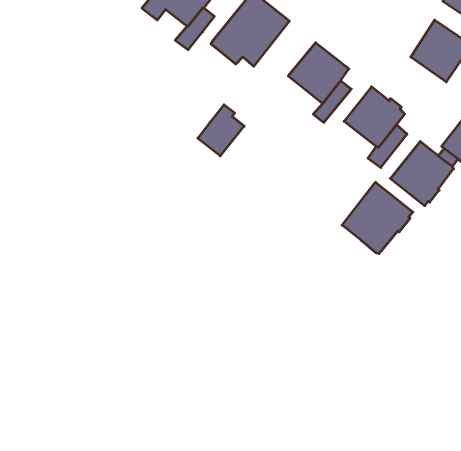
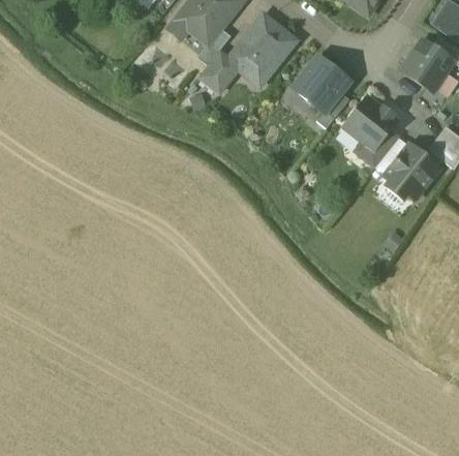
building: [198,105,244,156] -> [197,49,238,93]
building: [342,182,413,254] -> none

